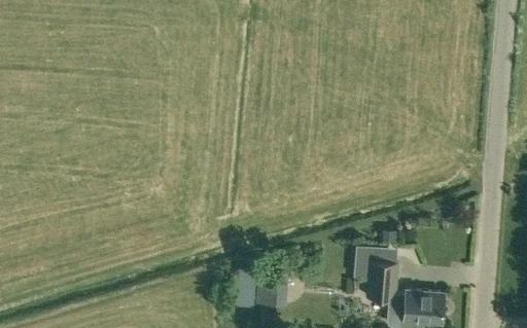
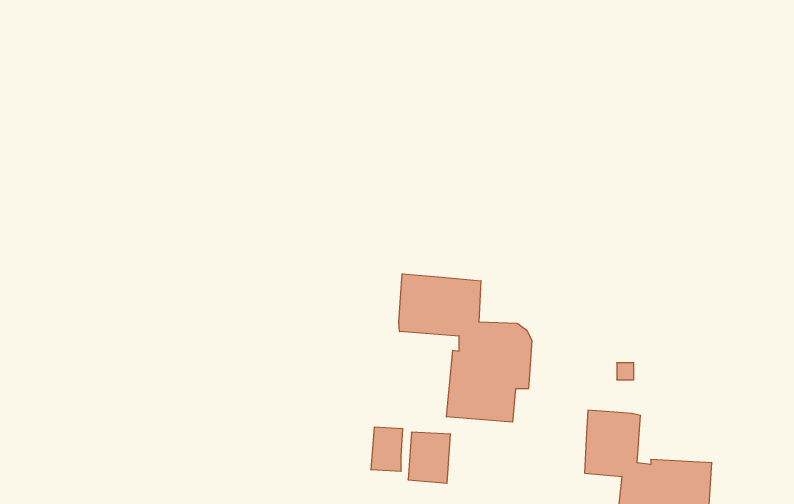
building: none -> [399,274,532,422]

